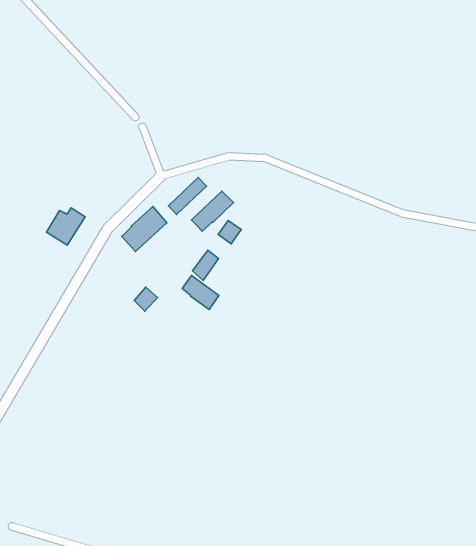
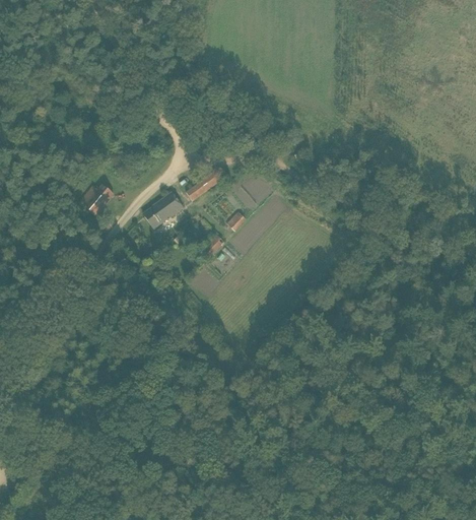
building: [191,191,234,231] -> none
building: [182,276,219,310] -> none

